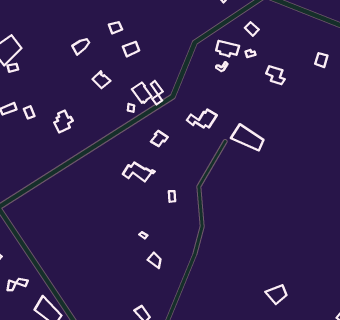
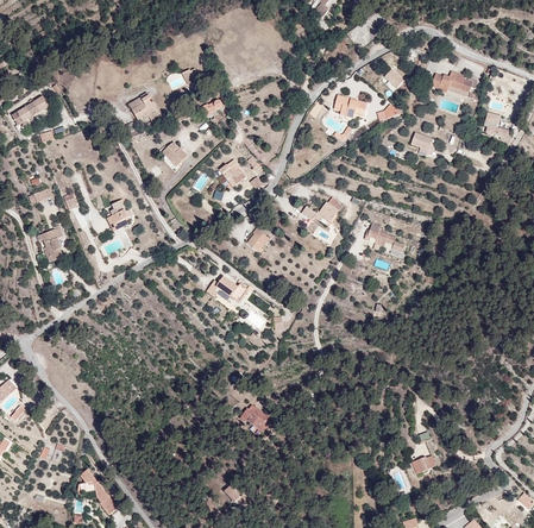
building: none -> [428,71,475,96]
building: none -> [36,226,62,260]

